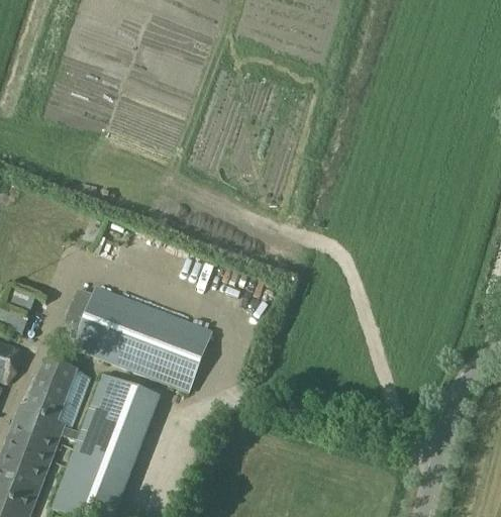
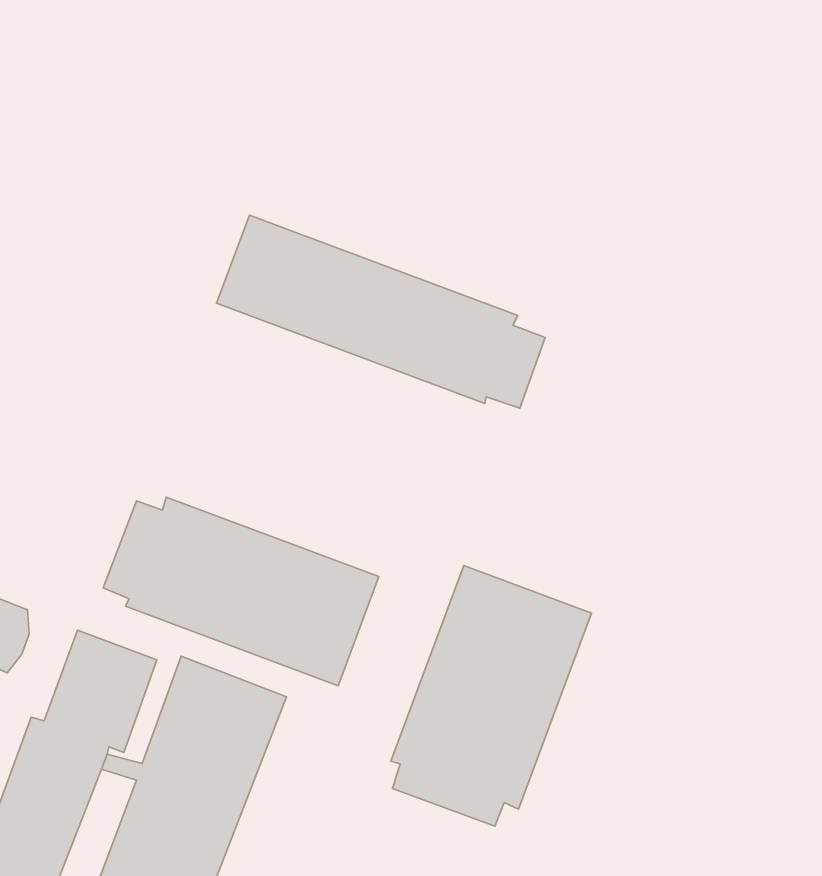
building: none -> [217,215,545,408]
building: none -> [391,565,592,826]

